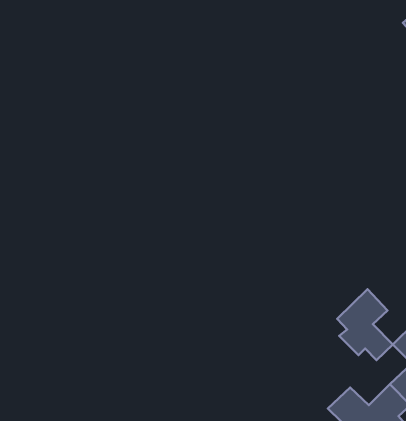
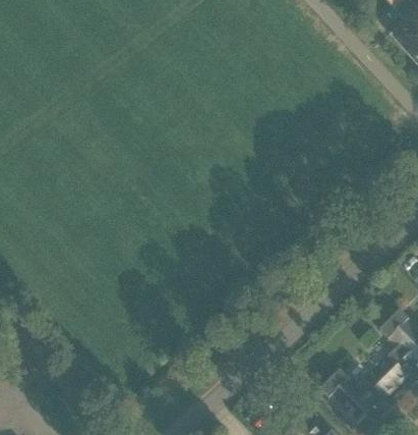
building: [337,289,393,360] -> none

